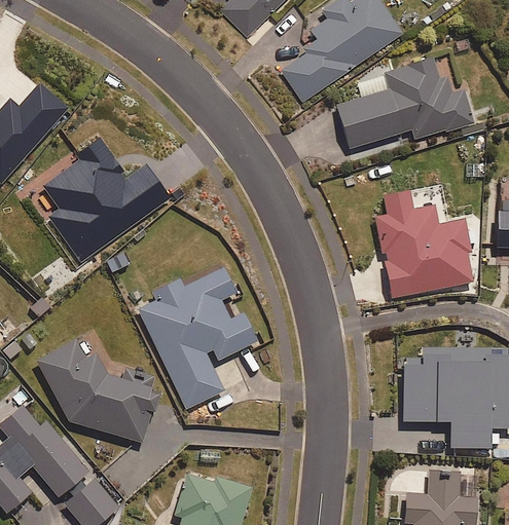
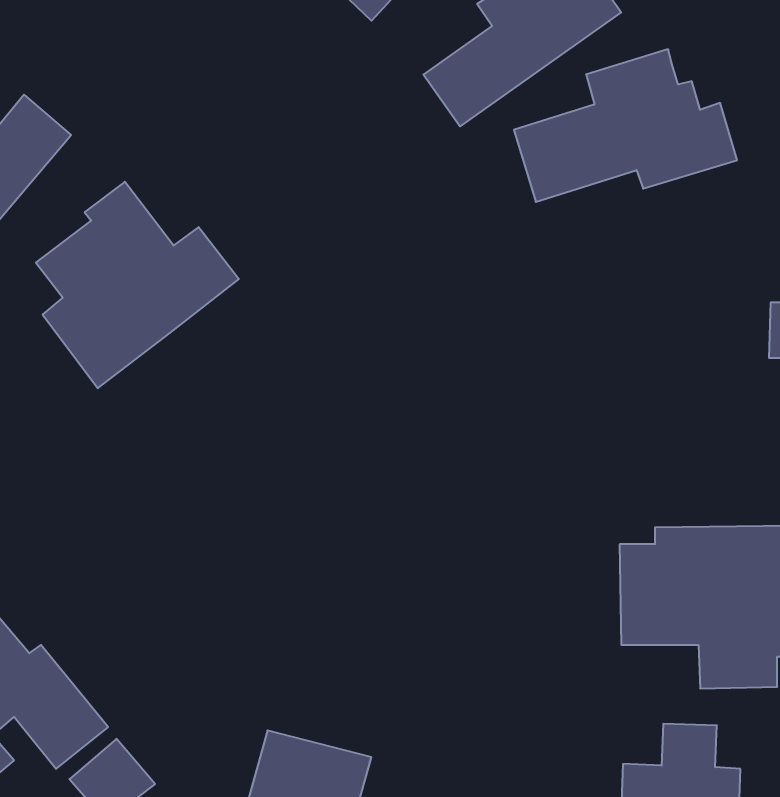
building: [374,189,472,297] -> none
building: [138,266,256,409] -> none
building: [38,339,157,443] -> none

